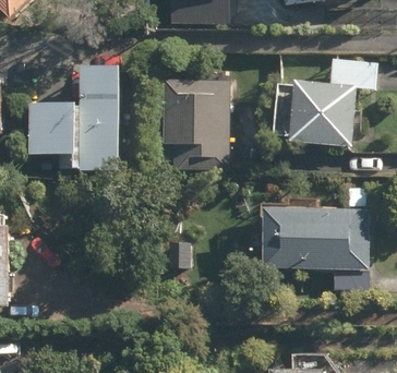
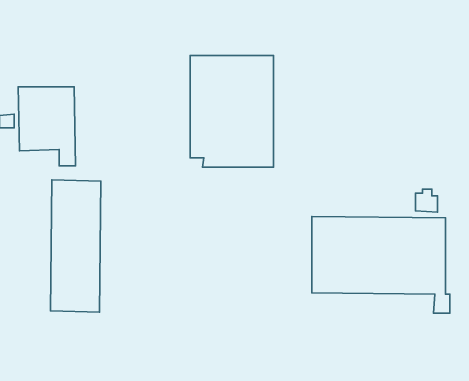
building: [288,57,378,146] -> none
building: [77,67,118,172] -> [50,180,101,312]

